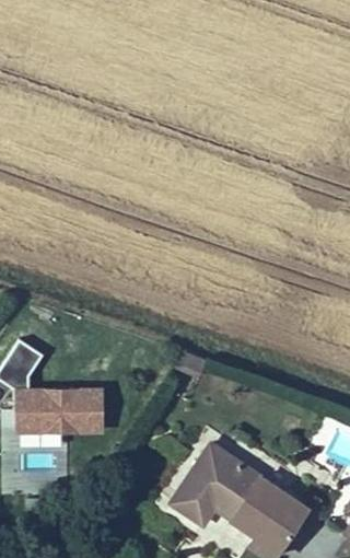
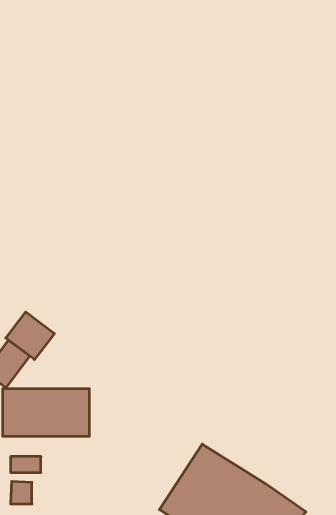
building: none -> [6,312,54,360]

